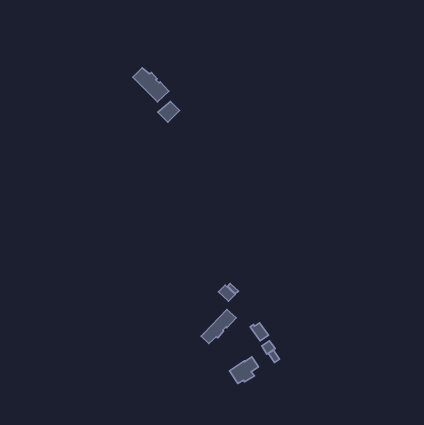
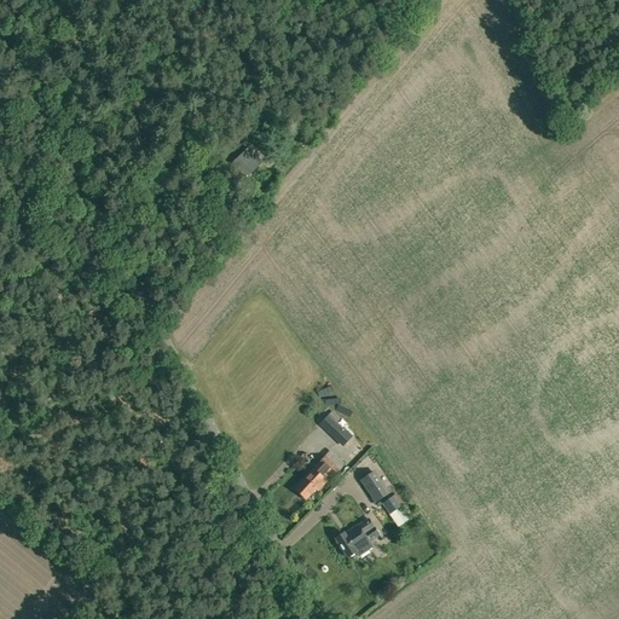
building: [133,68,169,102] -> none

